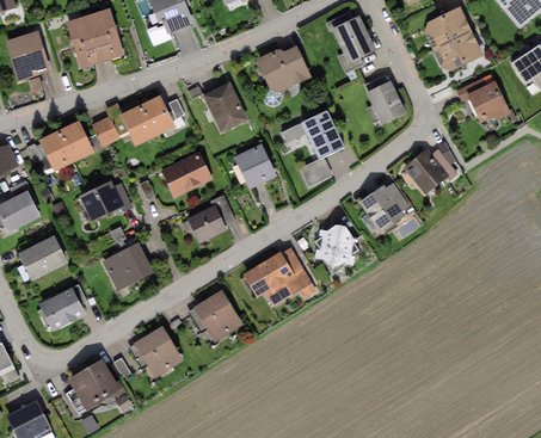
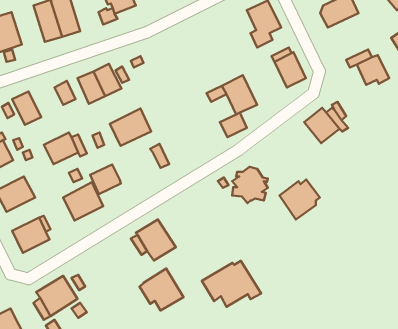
building: [432,31,481,70] -> none
building: [254,44,309,106] -> none
building: [202,82,246,131] -> none
building: [59,121,93,161] -> none
building: [233,143,276,189] -> none
building: [358,183,408,233] -> [280,179,320,220]
building: [186,205,225,242] -> [90,164,121,194]
building: [240,248,314,306] -> [202,261,261,307]
building: [128,325,183,377] -> [140,268,184,311]

